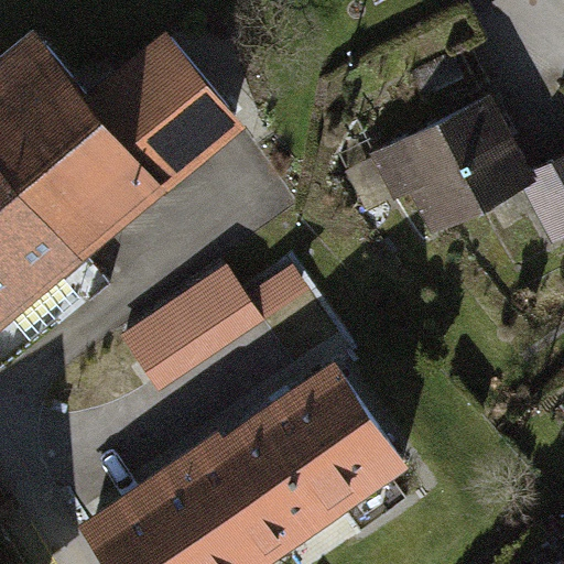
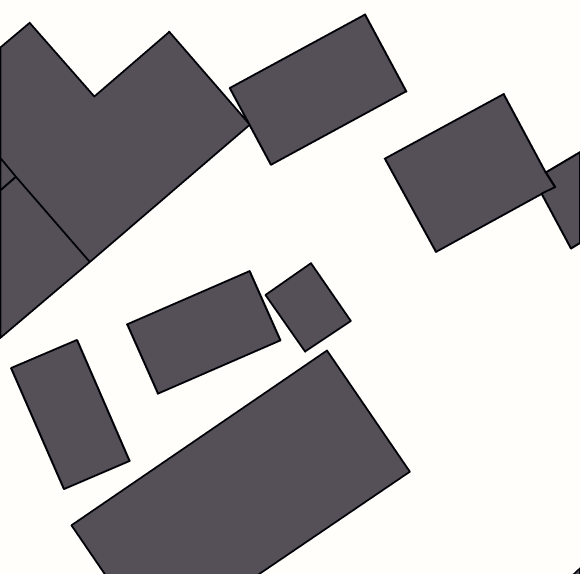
building: none -> [230,14,406,165]
building: none -> [11,340,130,489]

